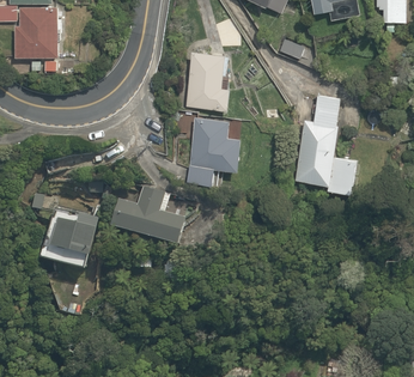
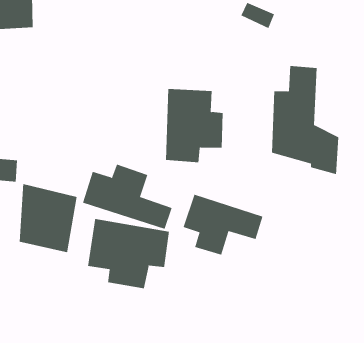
building: [184,49,232,111] -> none
building: none -> [183,194,263,256]
building: none -> [87,218,169,289]

